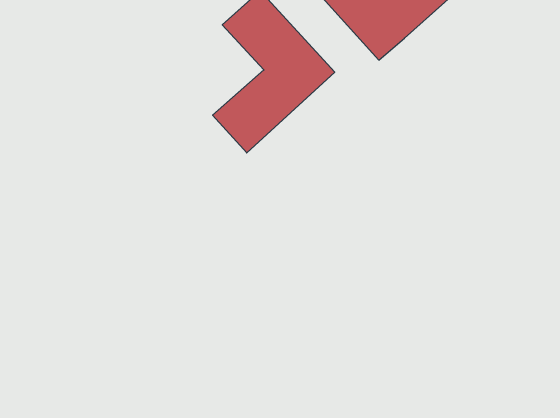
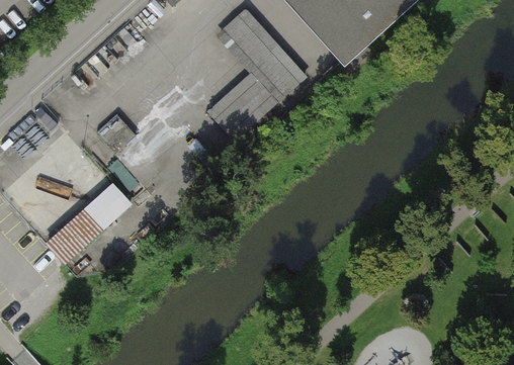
building: none -> [46,182,133,264]

